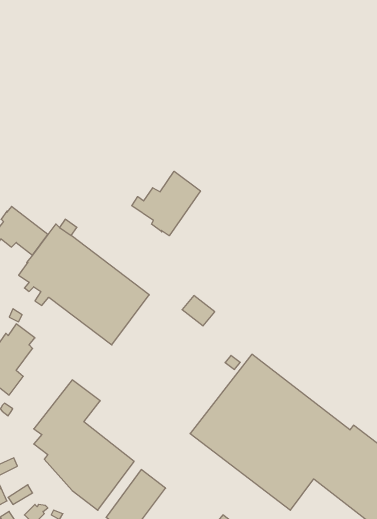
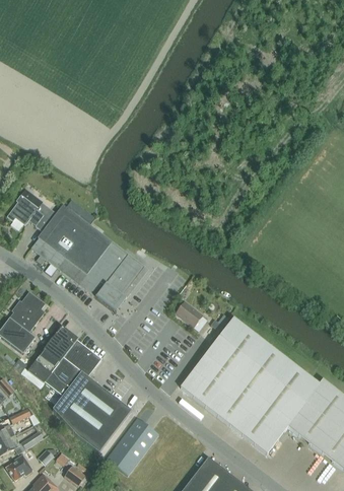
building: [132,171,200,236] -> none
building: [182,296,215,326] -> [175,301,203,328]
building: none -> [24,327,77,388]

